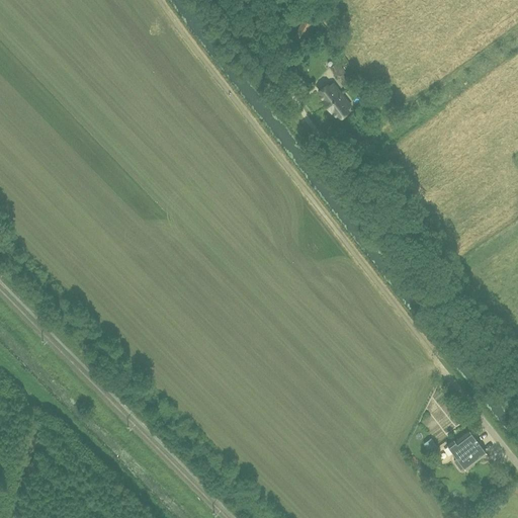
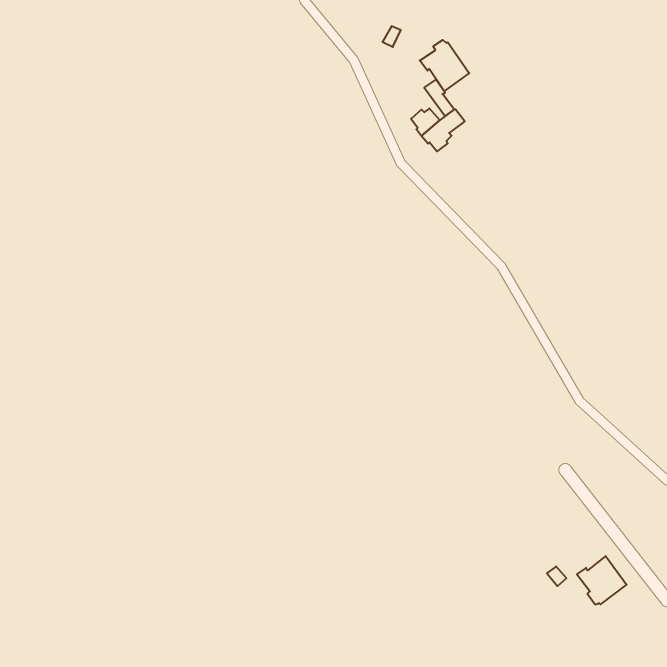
building: none -> [420,40,469,91]

